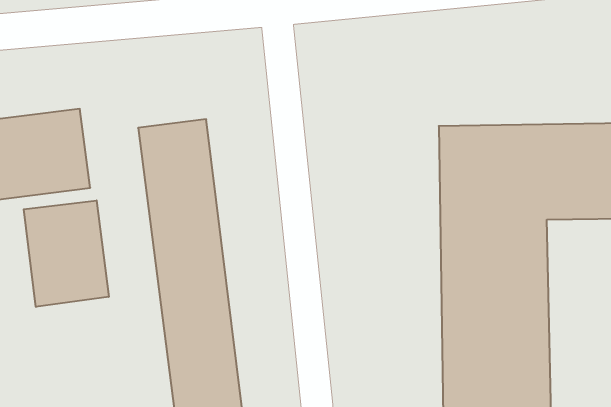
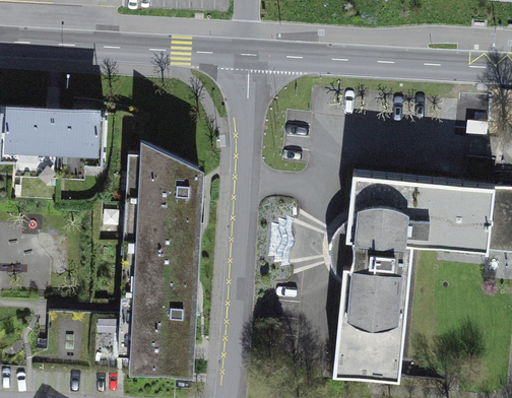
building: [24,200,109,307] -> none

